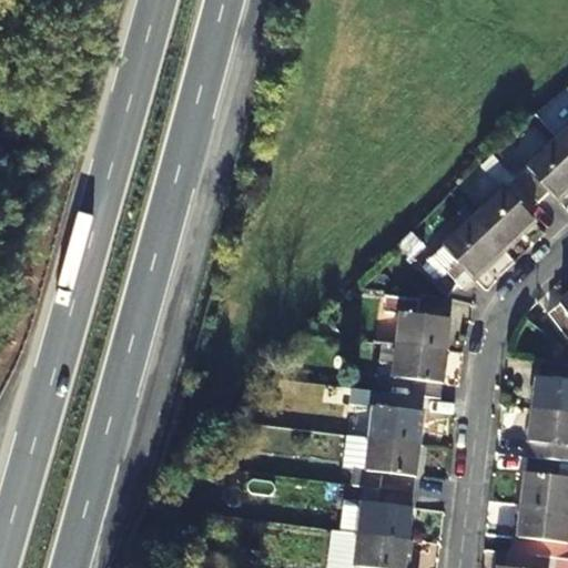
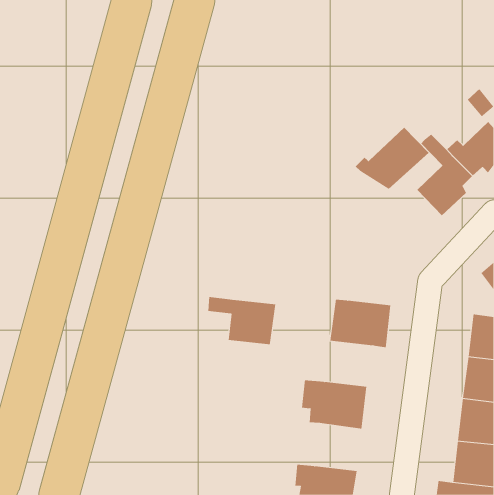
building: [420,217,506,290] -> [355,127,429,190]
building: [398,298,454,349] -> none
building: [348,387,427,443] -> [207,297,276,345]
building: [361,485,415,539] -> none

